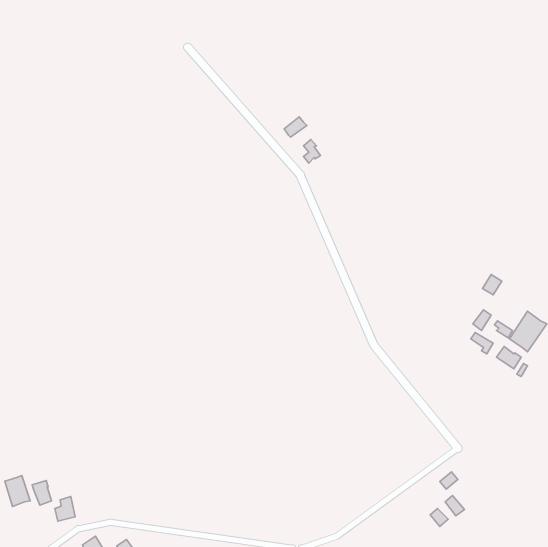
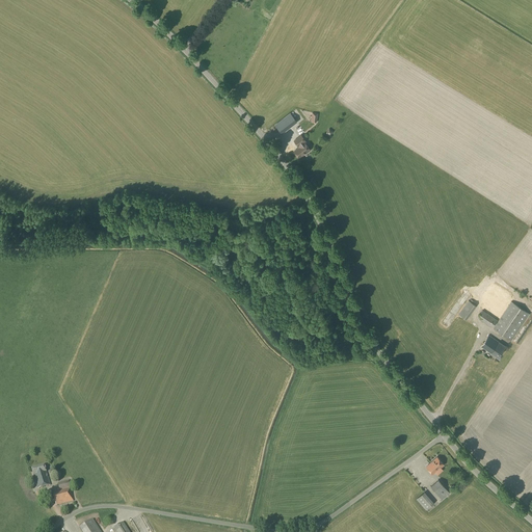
building: [5,476,30,507] -> none

